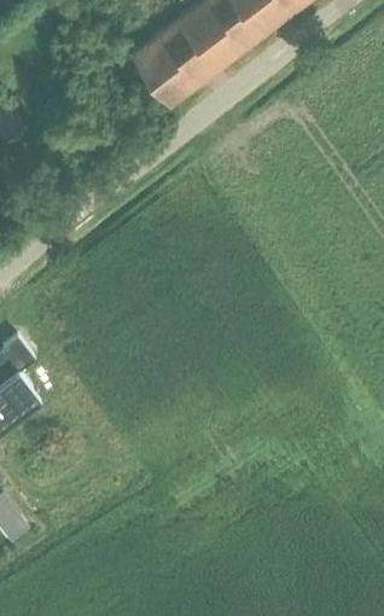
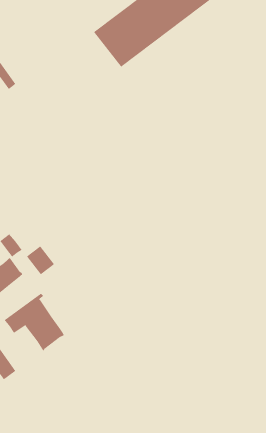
building: none -> [26,245,55,275]
building: none -> [4,293,65,351]

